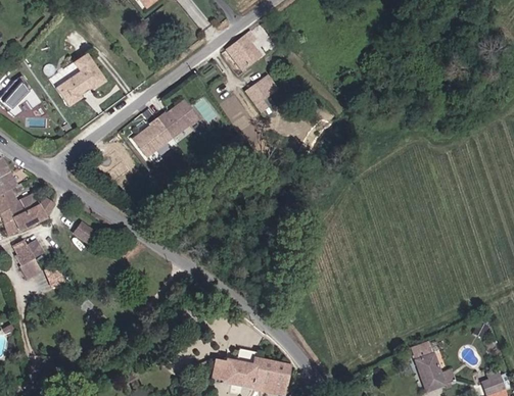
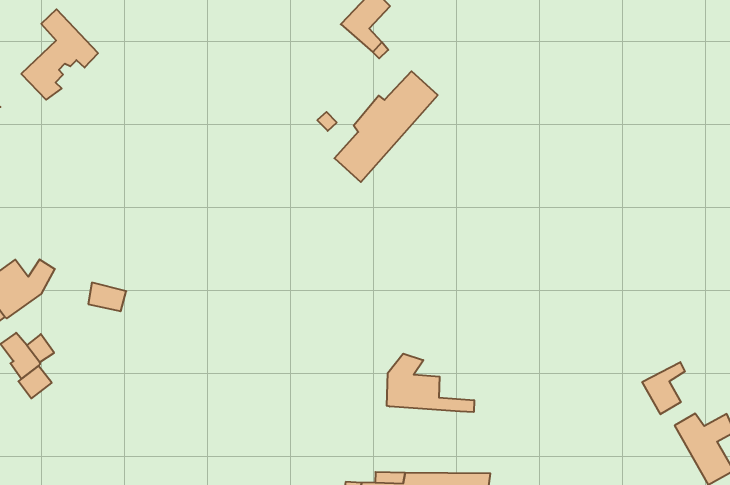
building: [133,104,199,164] -> [334,71,438,182]
building: none -> [387,354,474,412]
building: none -> [642,362,685,414]

